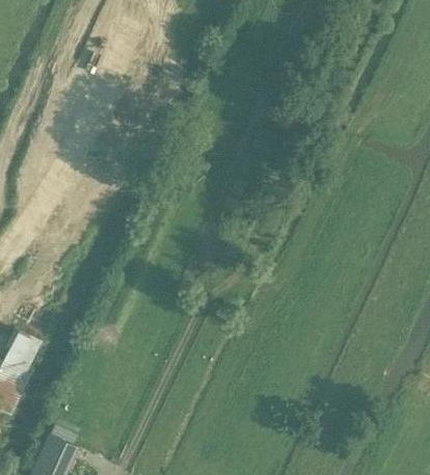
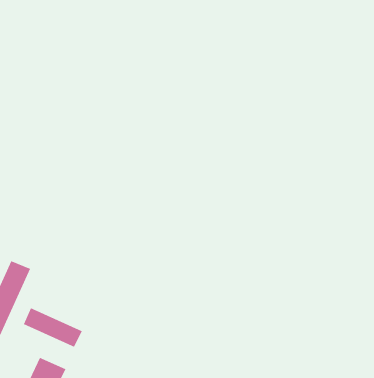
building: none -> [23,307,83,348]

